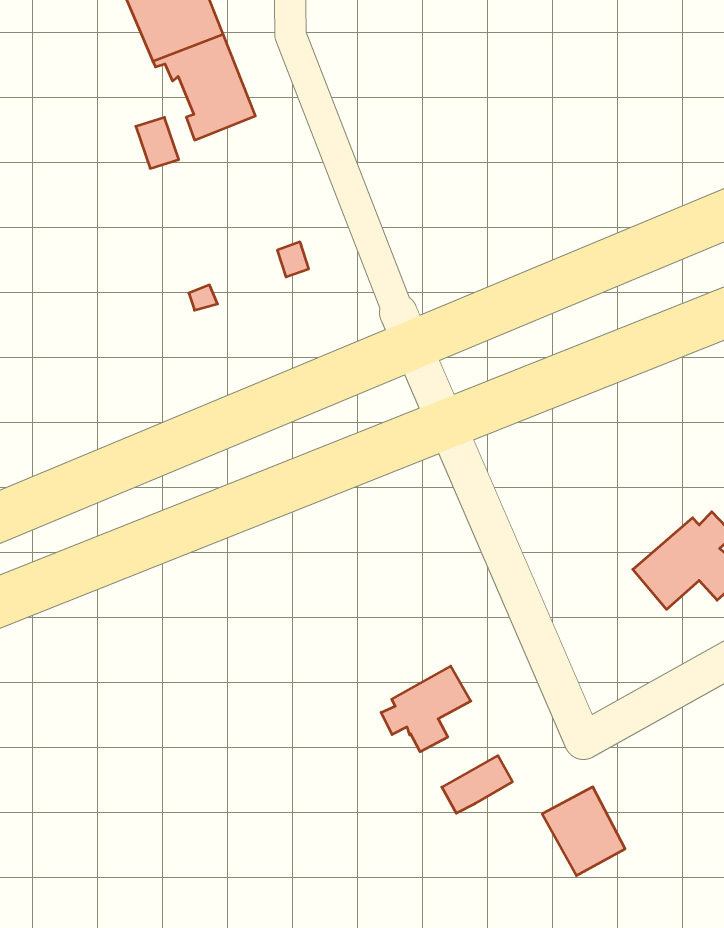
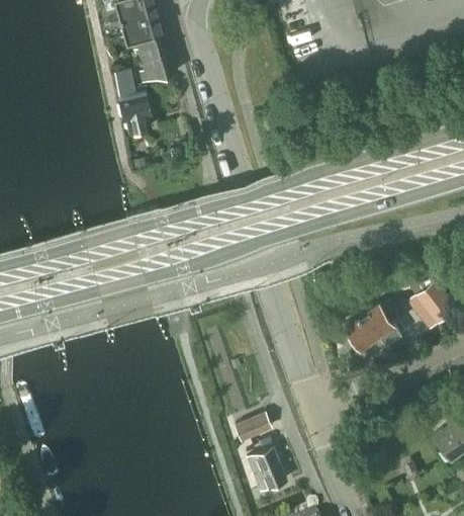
building: none -> [118,95,150,133]
building: [381,666,471,752] -> none
building: [542,787,625,876] -> [246,448,286,493]

